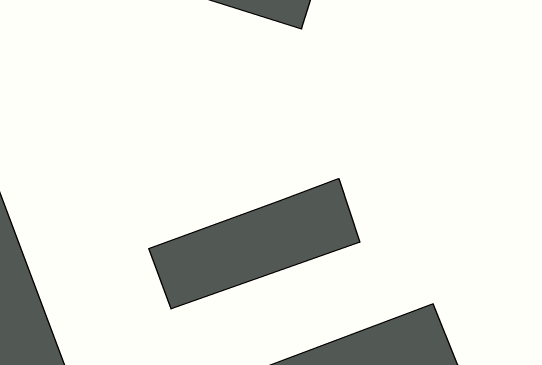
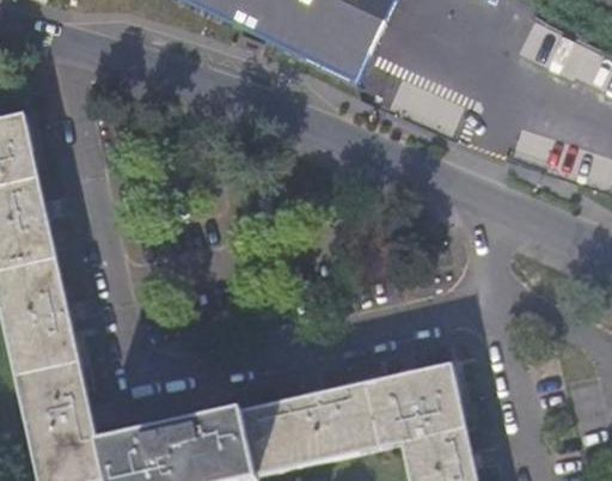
building: [149,179,360,309] -> none

